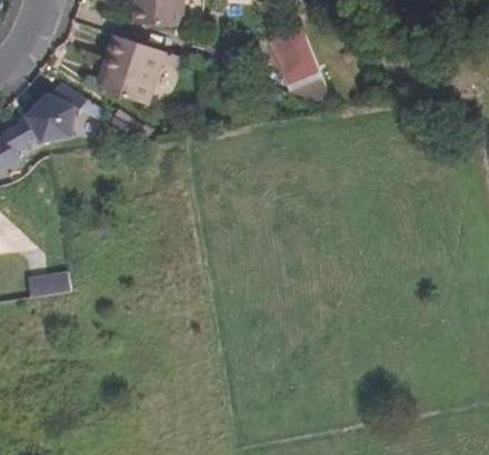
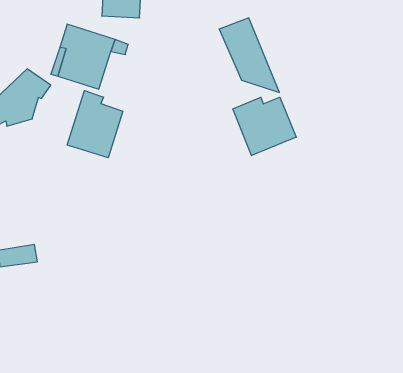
building: none -> [67,91,123,158]
building: none -> [233,97,296,156]

